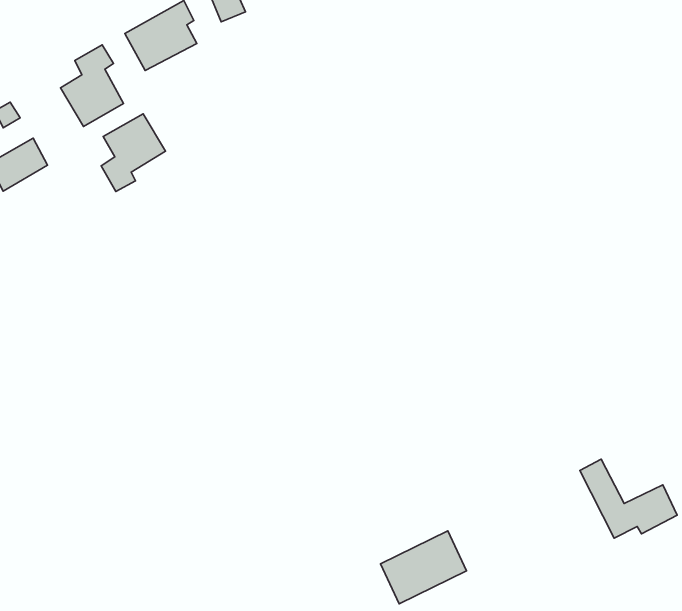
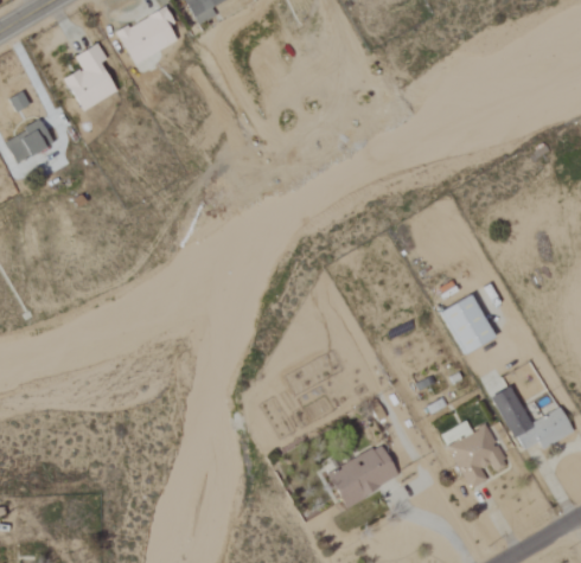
building: [101,114,165,192] -> none
building: none -> [441,294,494,354]
building: none -> [448,426,509,490]

